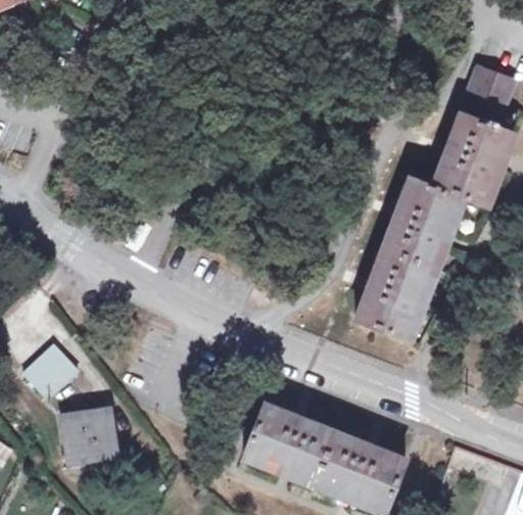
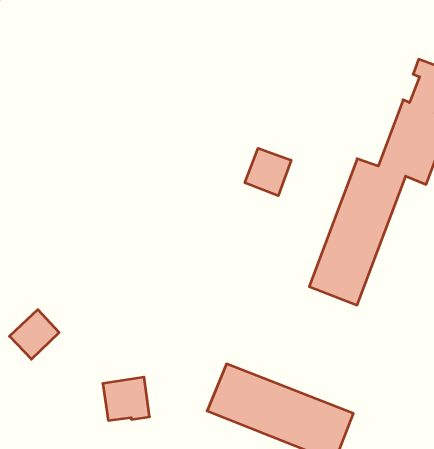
building: none -> [245,148,291,196]
building: [63,409,115,457] -> [103,377,150,420]

